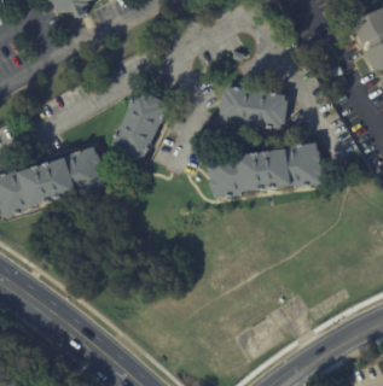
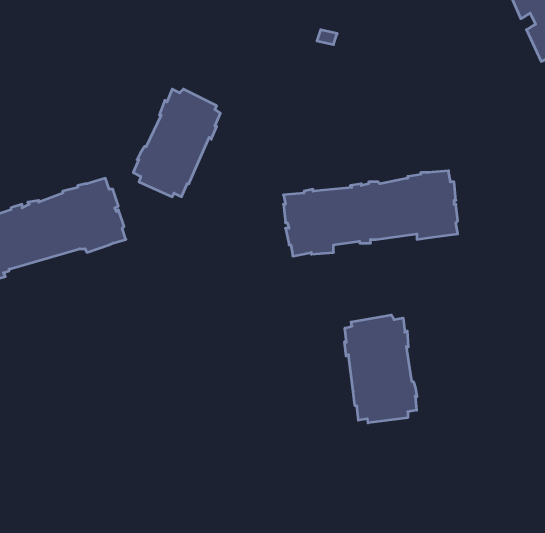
building: [219,84,286,128] -> none
building: none -> [345,315,417,423]

